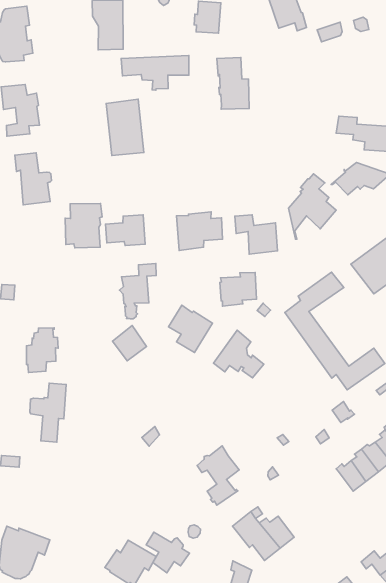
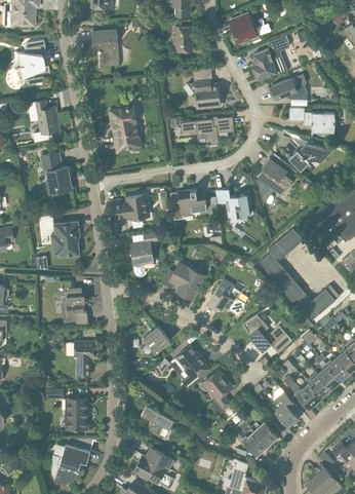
building: none -> [252,49,284,80]
building: [121,55,189,90] -> [181,117,234,146]
building: none -> [272,79,308,101]
building: [65,203,102,248] -> [51,222,80,258]
building: [220,273,256,306] -> none
building: [112,325,147,361] -> [144,326,170,353]
building: none -> [243,315,292,353]
building: none -> [171,346,209,378]
building: none -> [284,377,322,409]
building: none -> [67,400,87,429]
building: none -> [275,392,300,427]
building: [146,532,189,573] -> [142,405,175,435]

